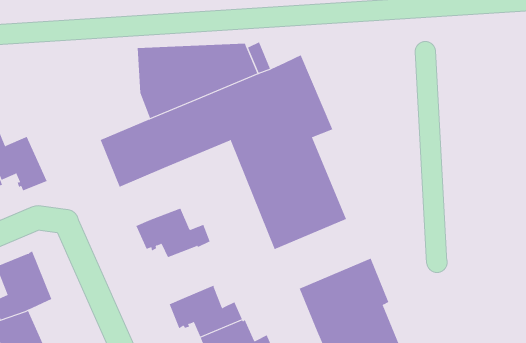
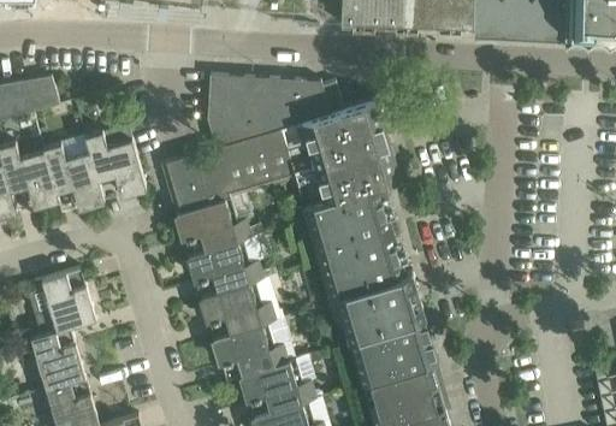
building: none -> [85,131,146,195]
building: none -> [177,200,253,250]
building: none -> [327,271,425,337]
building: none -> [201,283,276,333]

